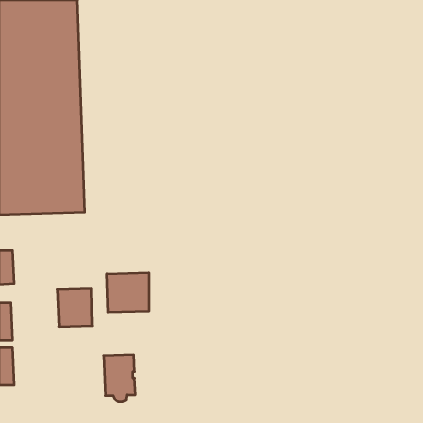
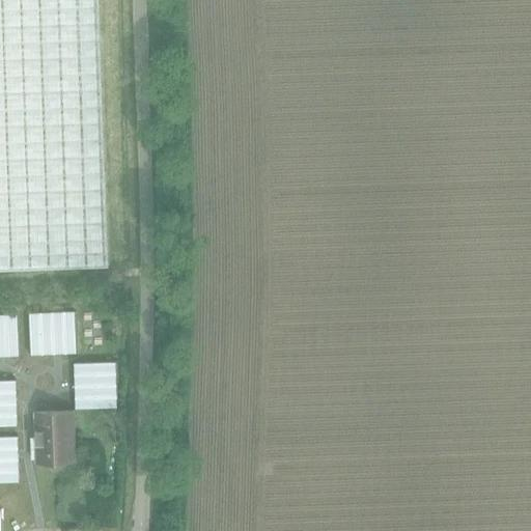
building: none -> [27,311,75,356]
building: [107,273,149,312] -> none
building: [104,355,135,401] -> [33,412,73,470]

